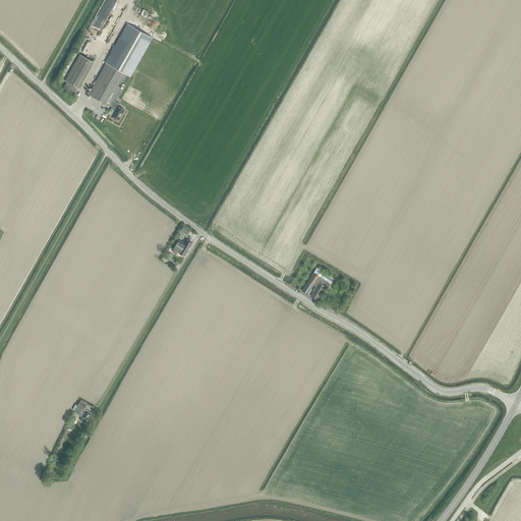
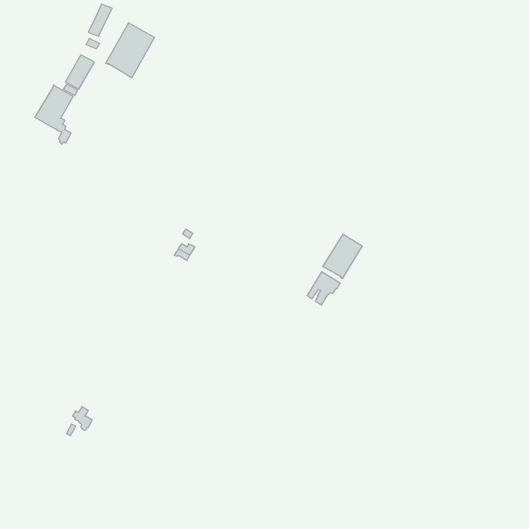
building: [88,62,125,120] -> [35,85,73,144]
building: none -> [323,234,362,279]

